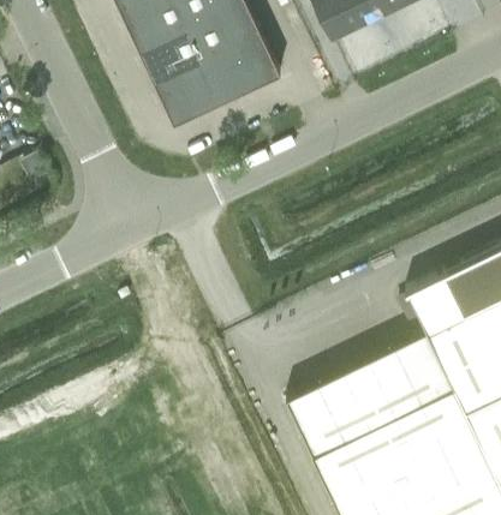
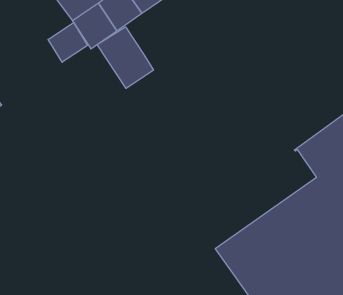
building: none -> [48,23,88,62]
building: none -> [97,27,153,88]

